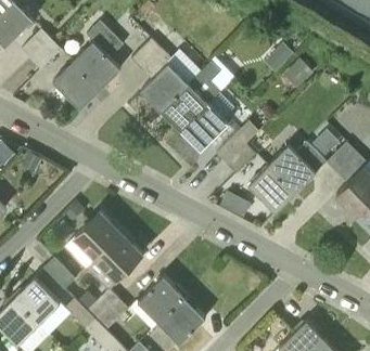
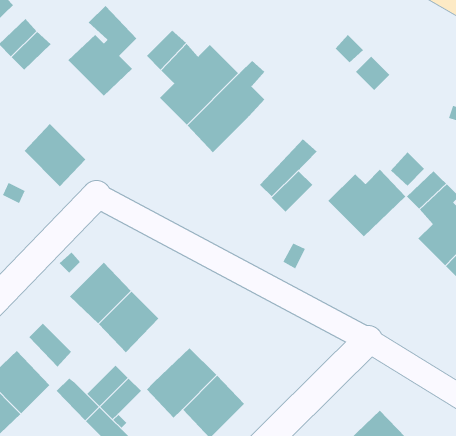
building: [53,62,100,109] -> [24,123,86,187]
building: [181,104,228,151] -> none
building: [247,167,294,213] -> none

